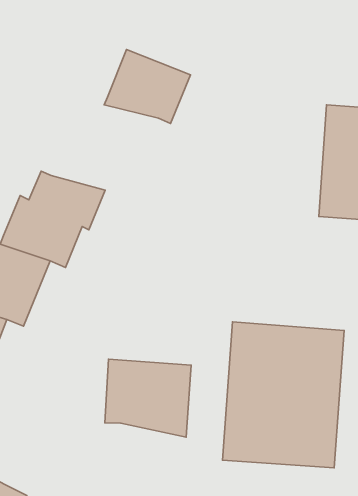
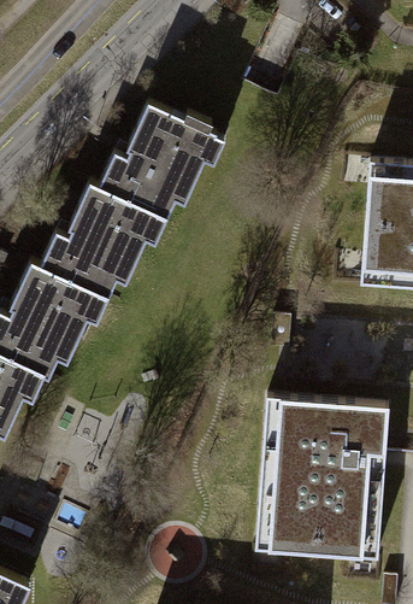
building: none -> [69,157,185,260]
building: [105,359,191,437] -> none

